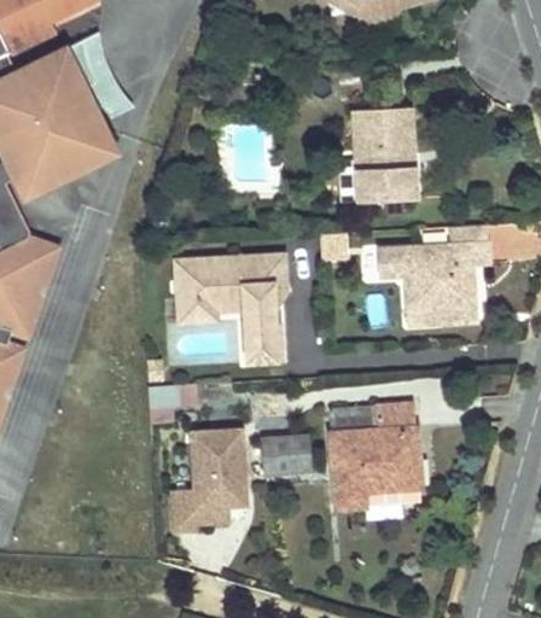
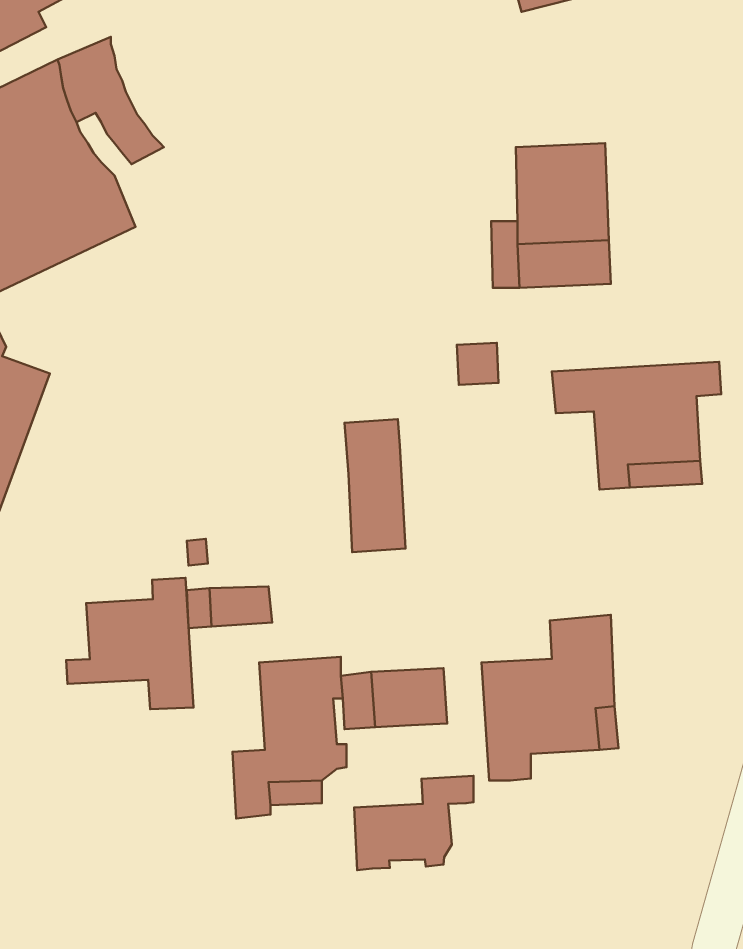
building: [179,257,290,325] -> none
building: none -> [66,578,194,709]
building: [330,407,377,433] -> none
building: none -> [354,776,474,870]

